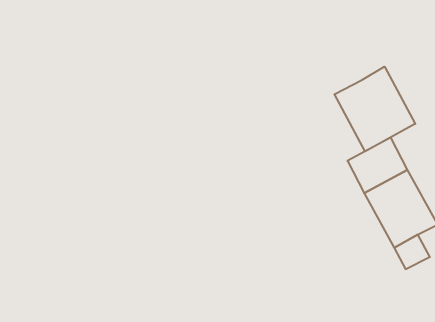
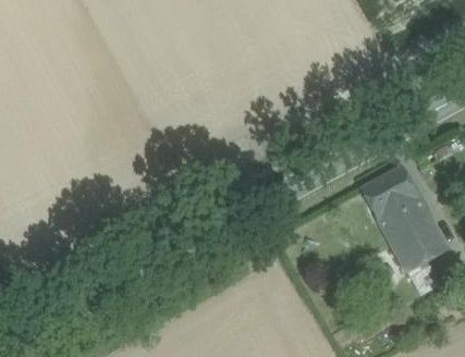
building: [334,67,415,151] -> none

